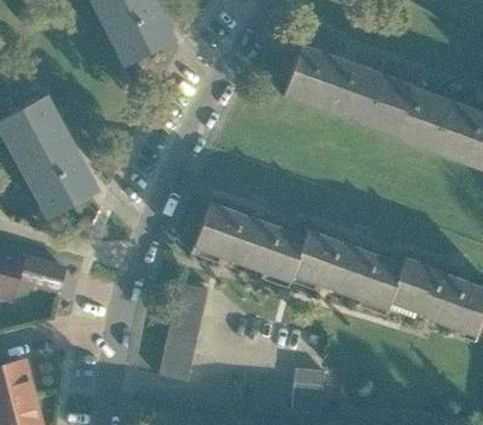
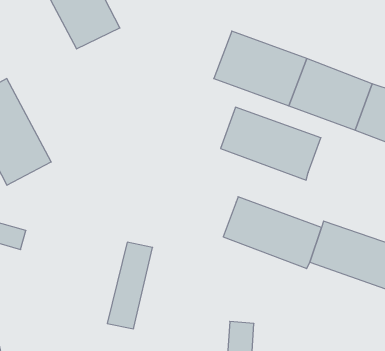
building: [192,200,306,283] -> [221,107,321,180]

